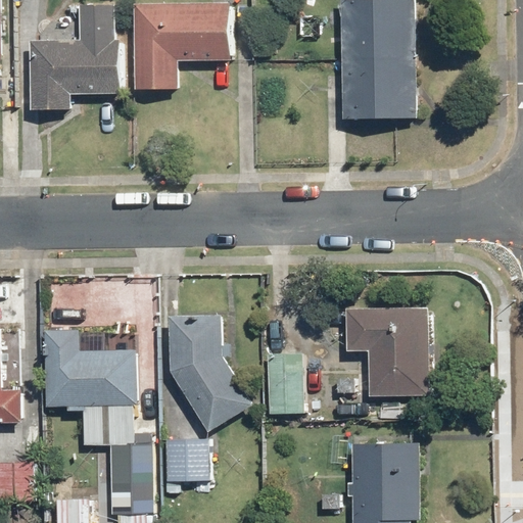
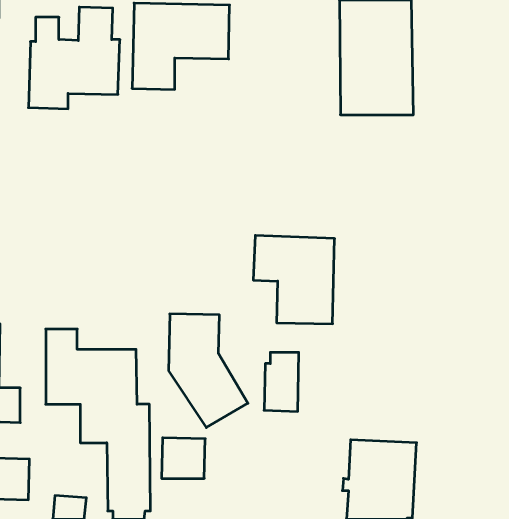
building: [344,306,426,395] -> [253,235,335,324]

